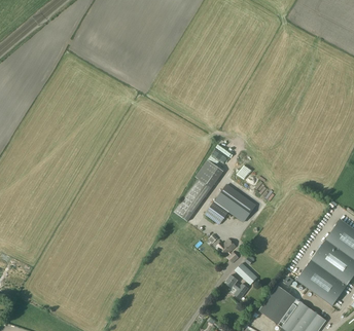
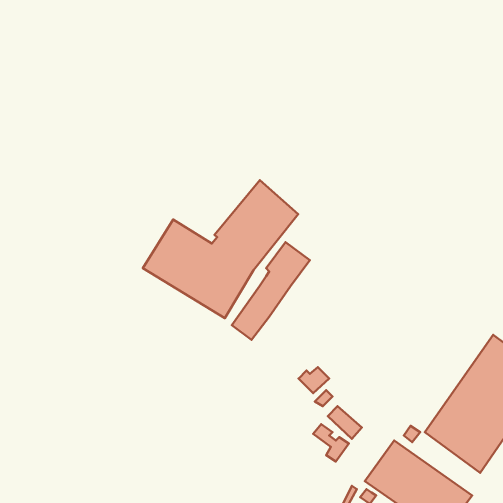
building: none -> [143,180,298,318]
building: [206,184,255,224] -> none

